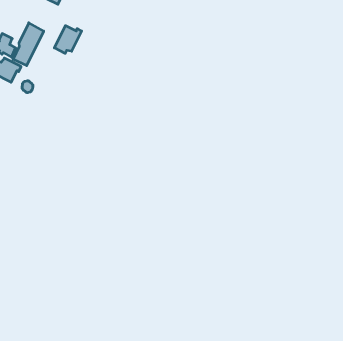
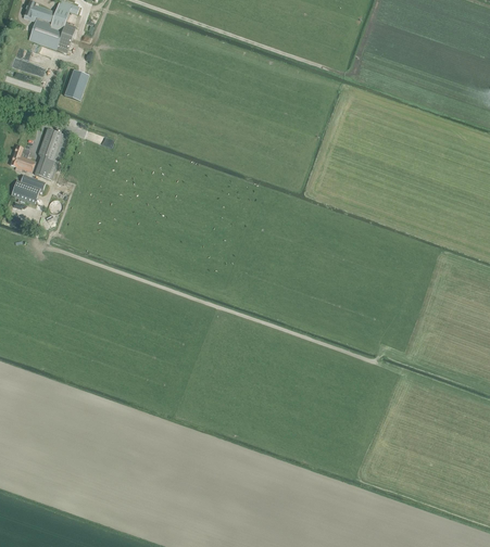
building: [54,26,82,53] -> none

